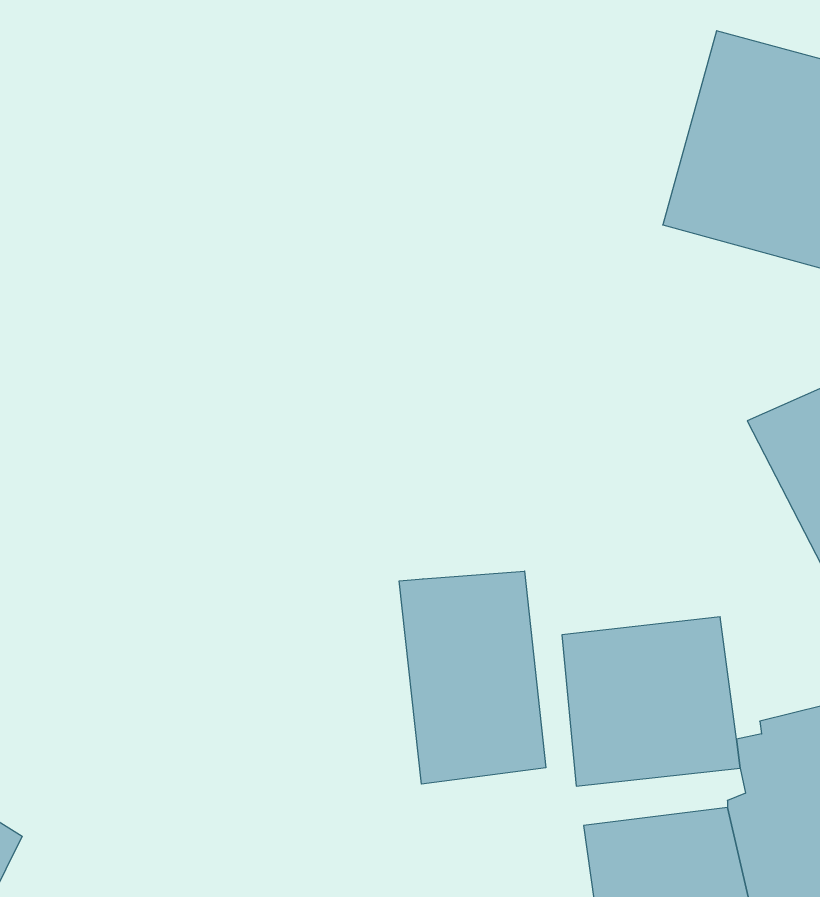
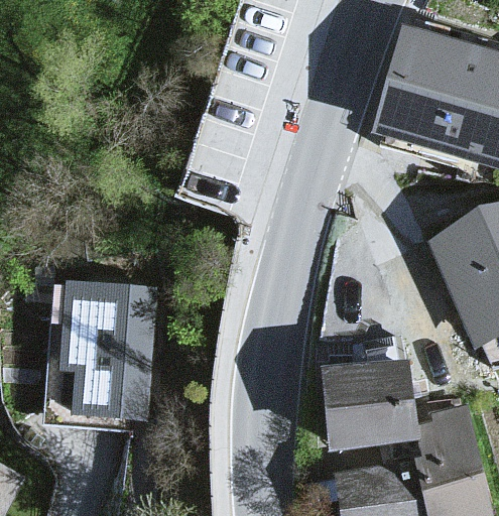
building: none -> [57,285,153,427]
building: [399,571,546,784] -> none

